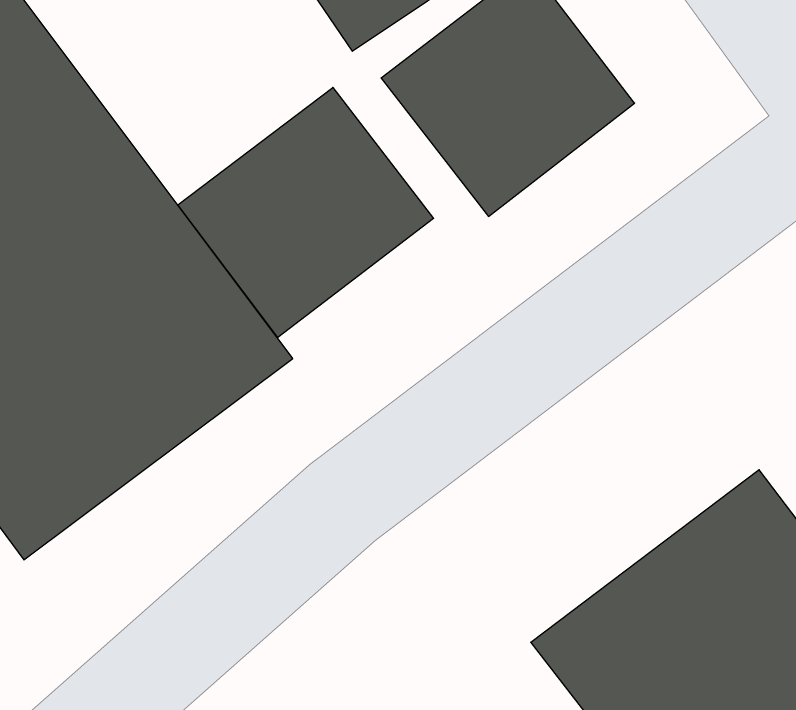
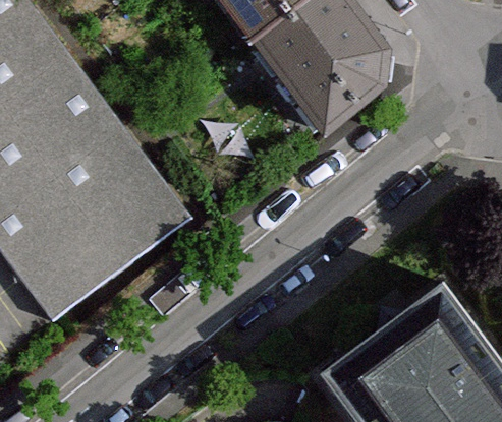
building: [178,87,434,338] -> none

